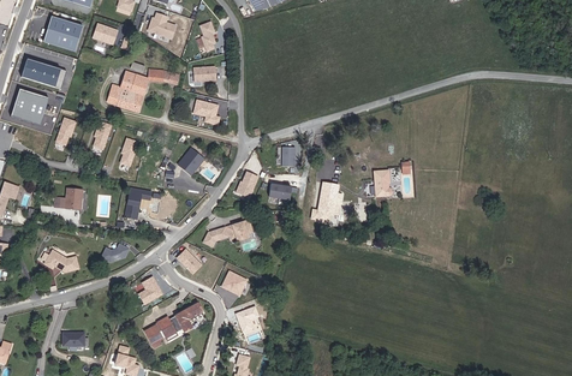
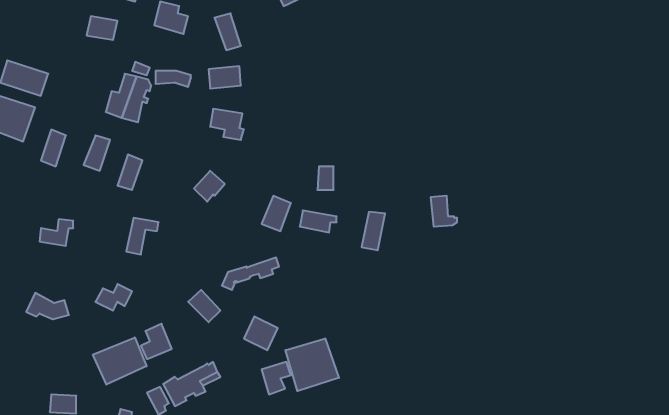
building: [43,17,84,52] -> none
building: none -> [93,337,147,385]
building: none -> [285,338,339,391]

